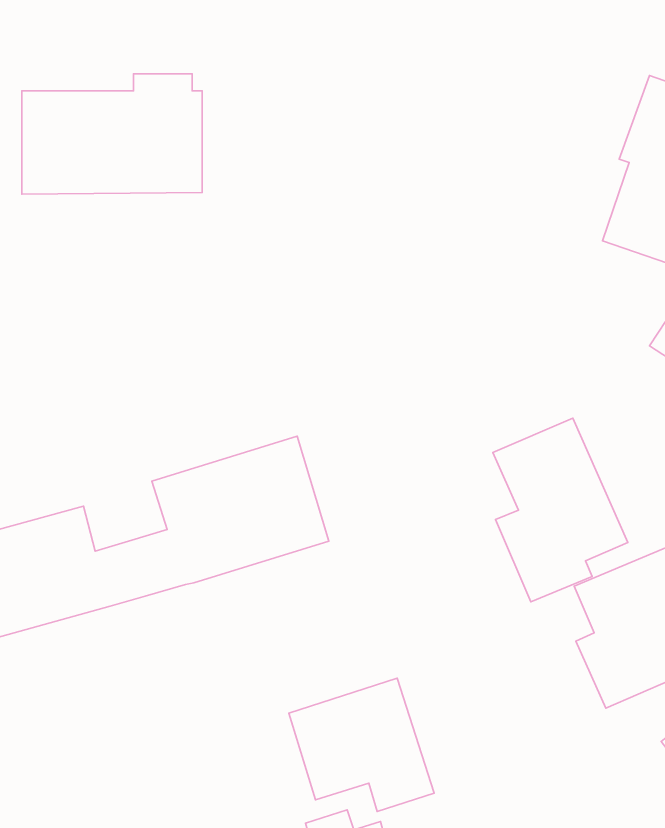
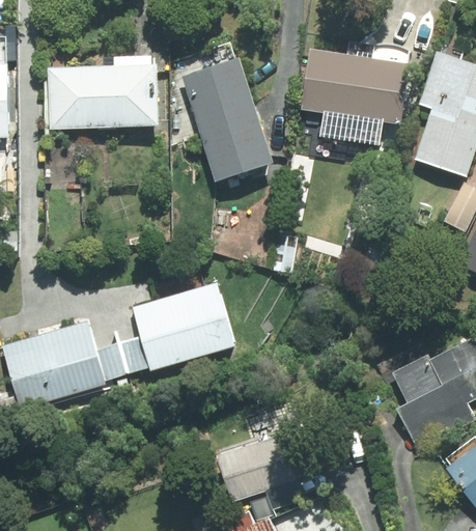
building: none -> [173,47,277,185]
building: none -> [306,56,411,166]
building: [493,418,628,602] -> none

